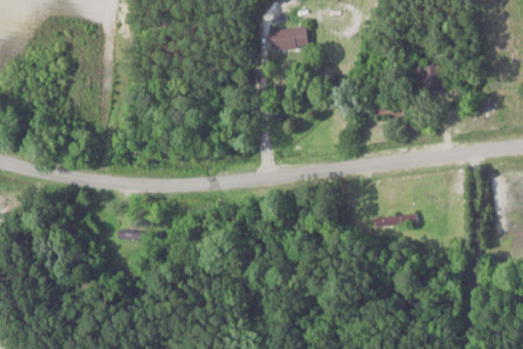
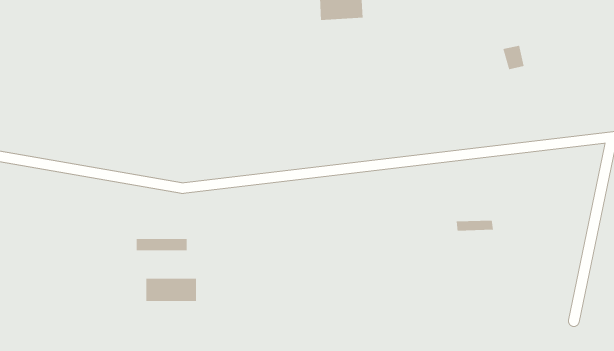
building: none -> [146,278,197,302]

